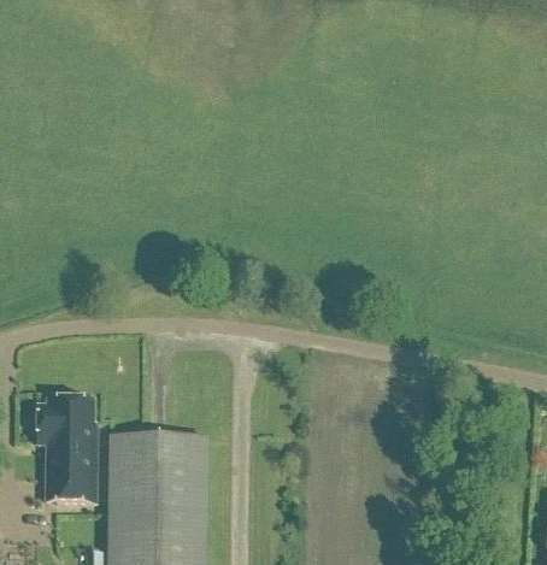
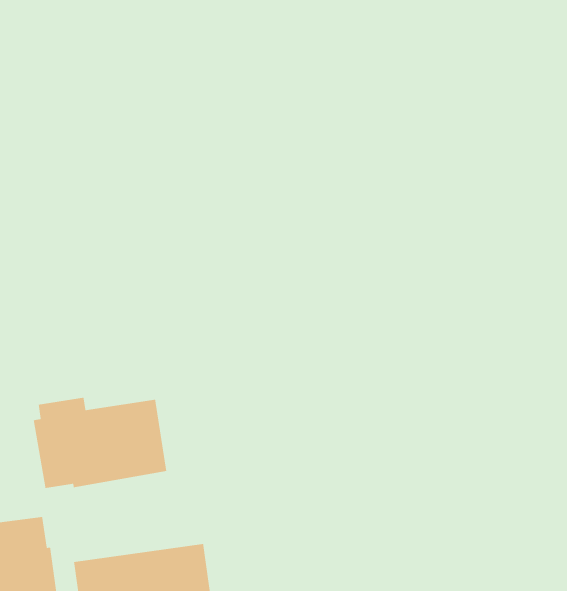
building: none -> [33,397,167,489]

